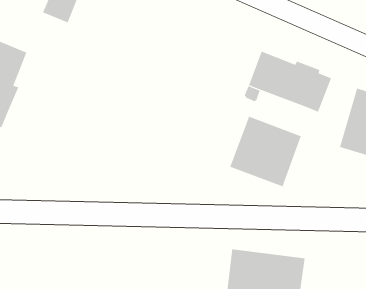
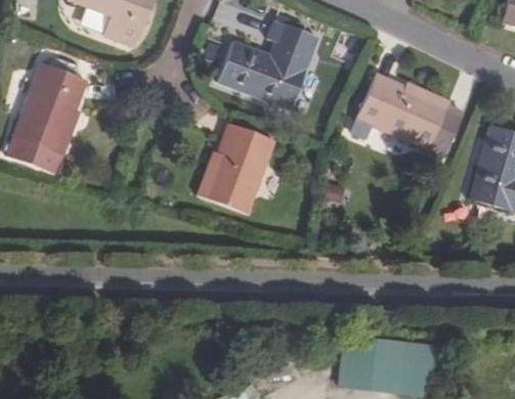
building: none -> [221,21,317,107]
building: none -> [197,123,274,214]
building: [229,116,302,187] -> none

